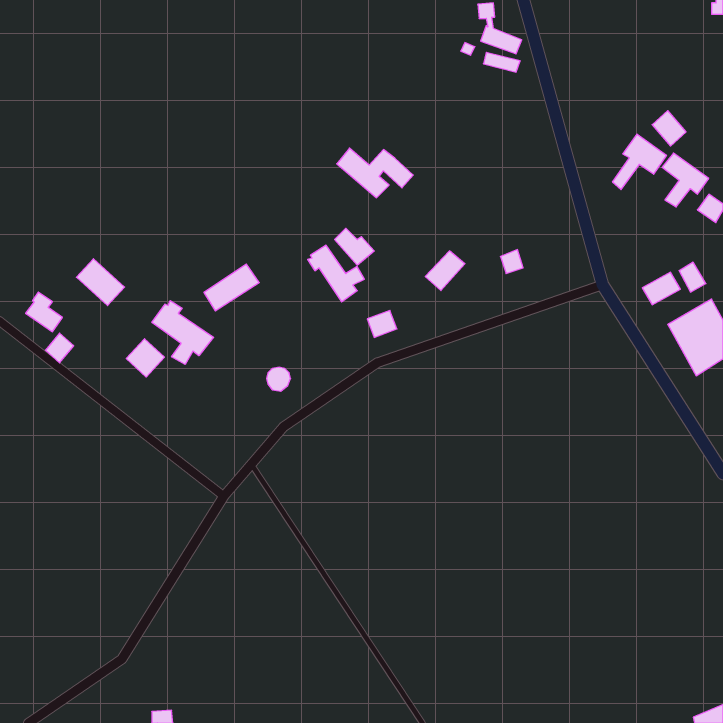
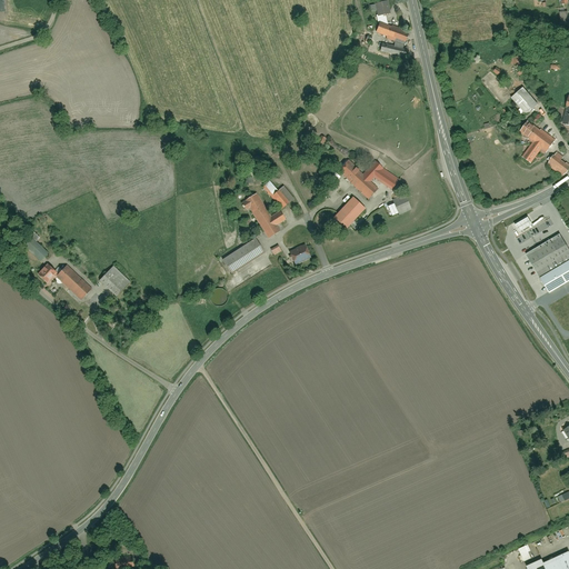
building: [613,134,666,190] -> none
building: [337,148,413,198] -> [337,159,397,198]
building: [76,259,125,306] -> [56,262,93,299]
building: [204,264,259,311] -> [221,238,264,274]
building: [152,301,214,364] -> none

